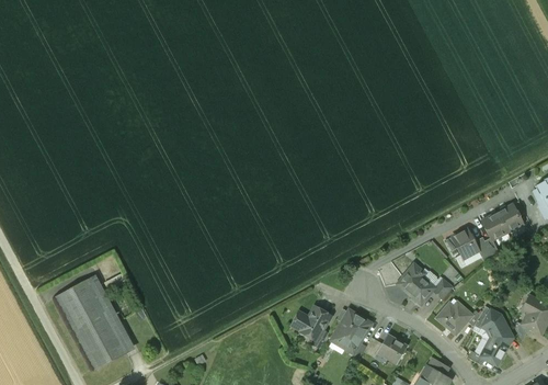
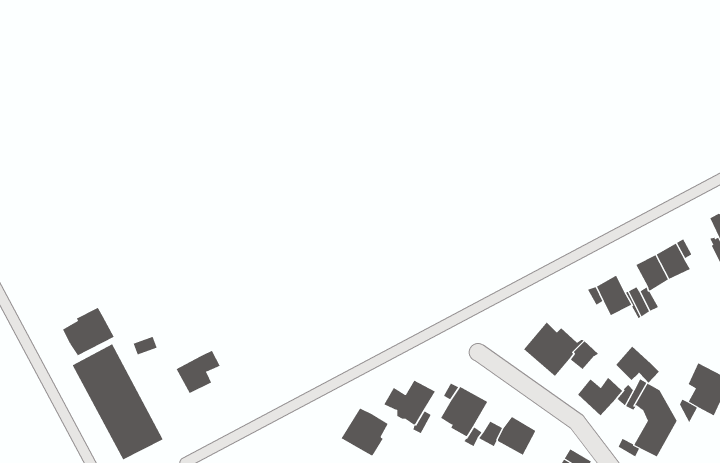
building: none -> [62,306,114,356]
building: none -> [615,346,660,384]
building: none -> [176,349,221,394]
building: none -> [341,407,389,457]

